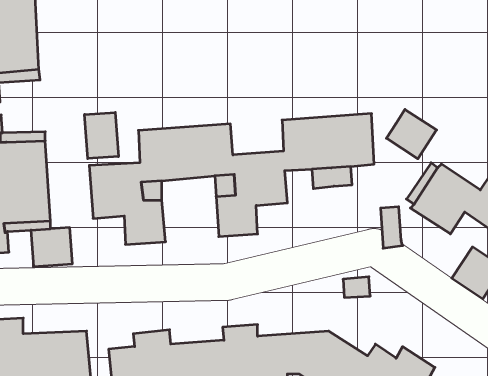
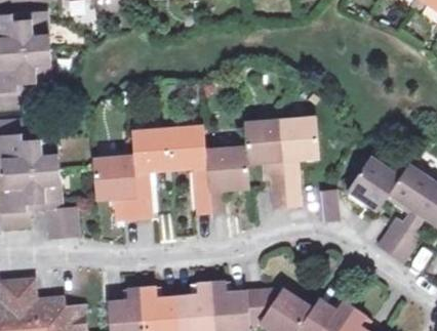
building: [386,109,437,159] -> none
building: [85,112,118,159] -> none
building: none -> [269,172,303,208]

